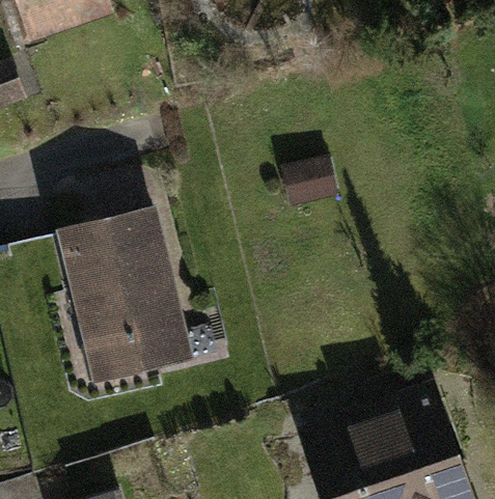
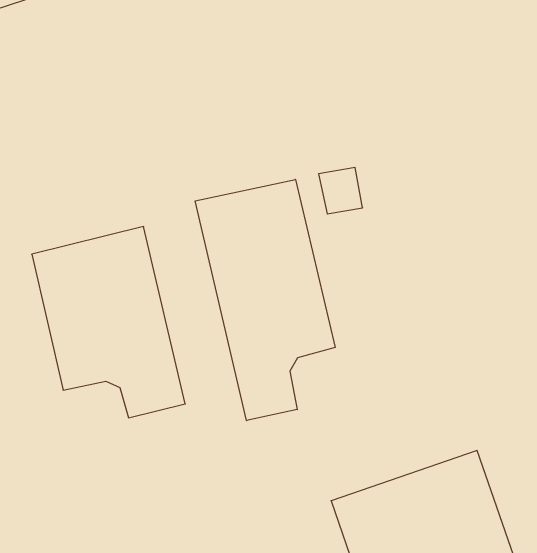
building: none -> [195,179,335,421]

